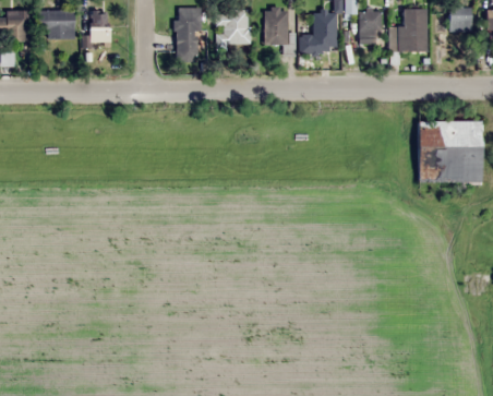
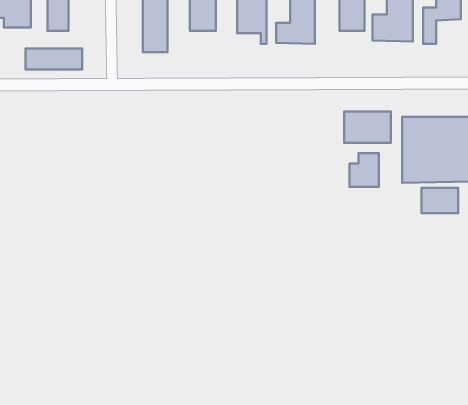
building: none -> [26,49,82,70]
building: none -> [344,111,391,143]
building: none -> [350,153,379,187]
building: none -> [421,188,458,213]

